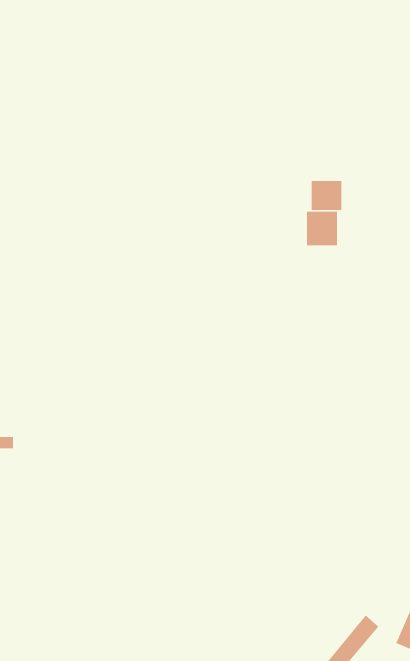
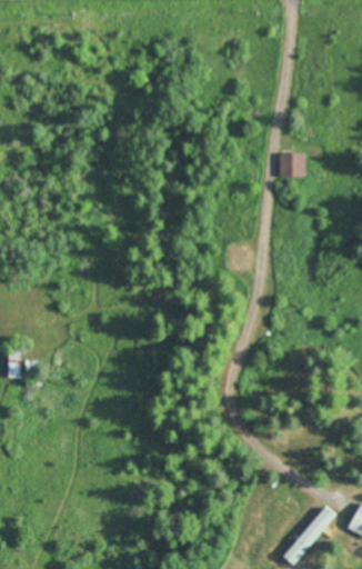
building: [307,211,338,246] -> none

